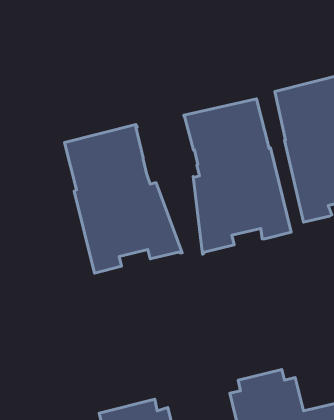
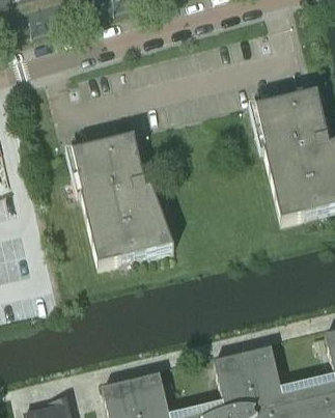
building: [184,99,291,254] -> none

